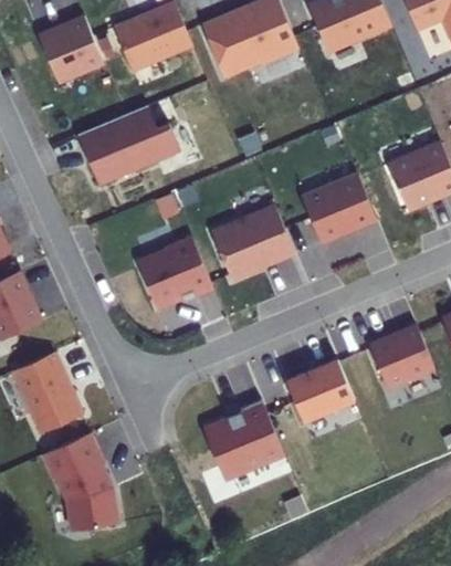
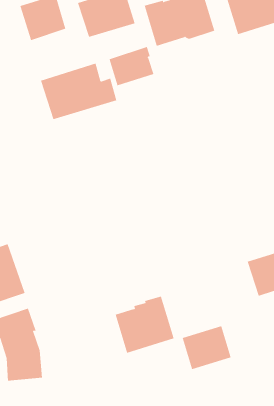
building: none -> [109,46,154,86]
building: [302,175,377,243] -> none
building: [211,207,295,281] -> none
building: [136,235,213,306] -> none
building: [286,360,354,422] -> [182,325,232,370]

